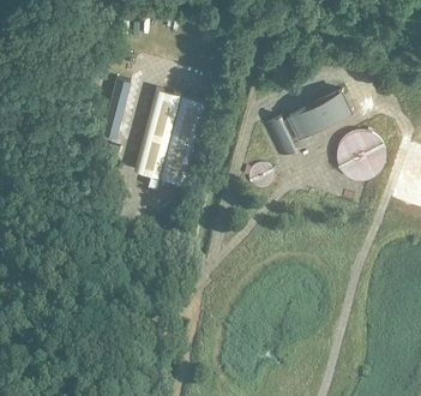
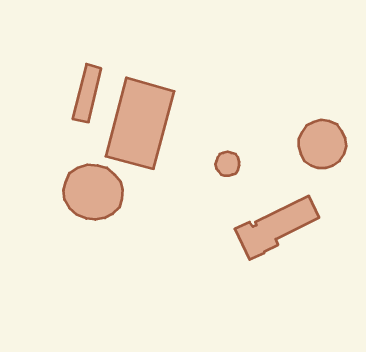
building: [265,88,354,155] -> [235,196,319,260]
building: none -> [64,165,122,220]

